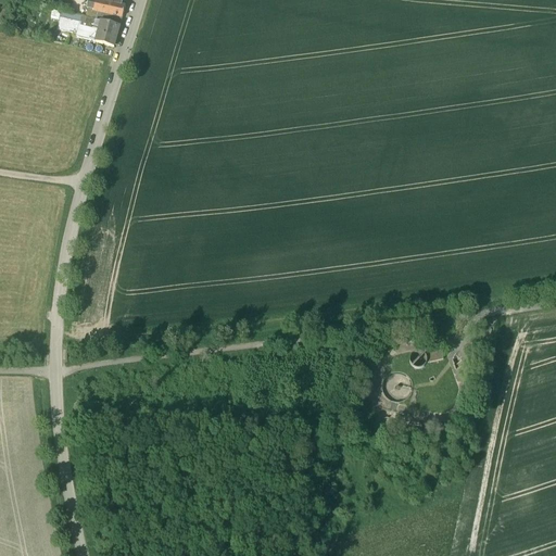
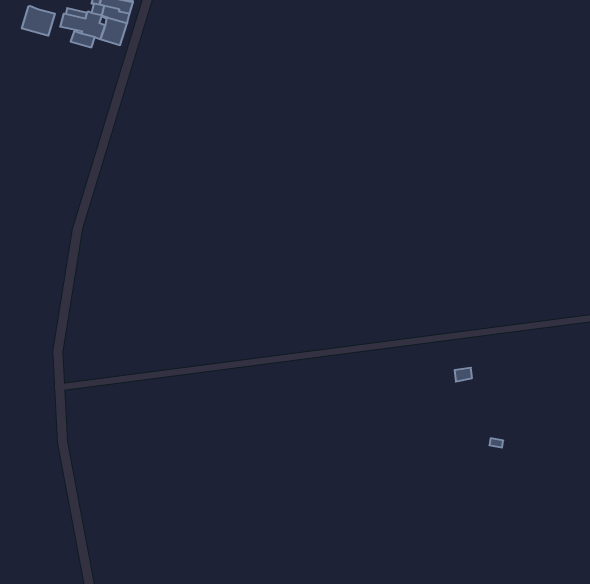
building: none -> [22,6,55,36]

